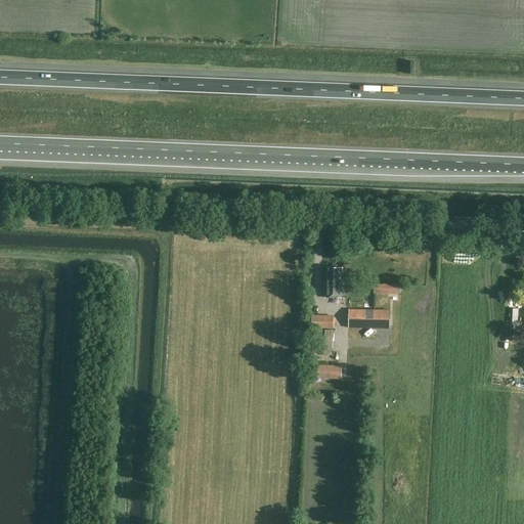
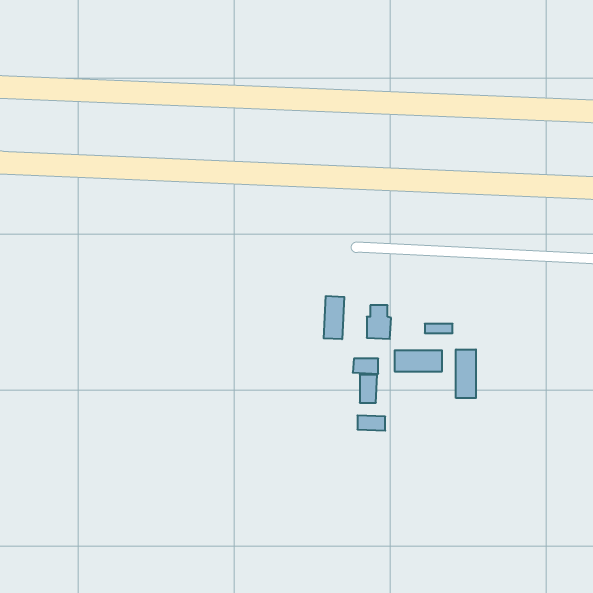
building: none -> [324,296,344,339]
building: none -> [456,349,476,398]

